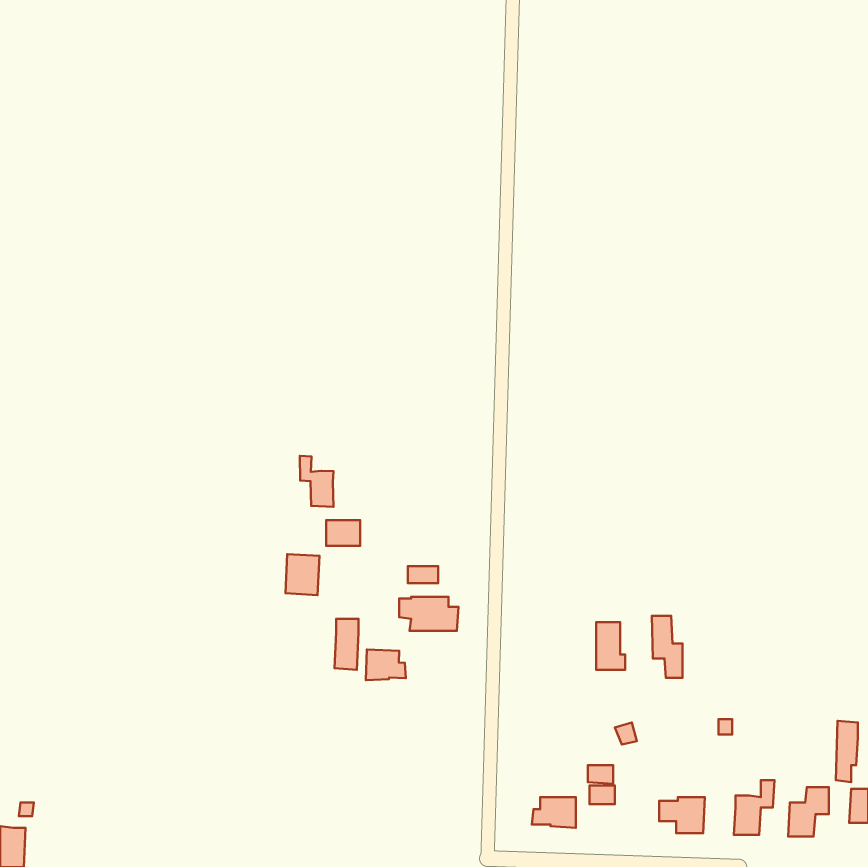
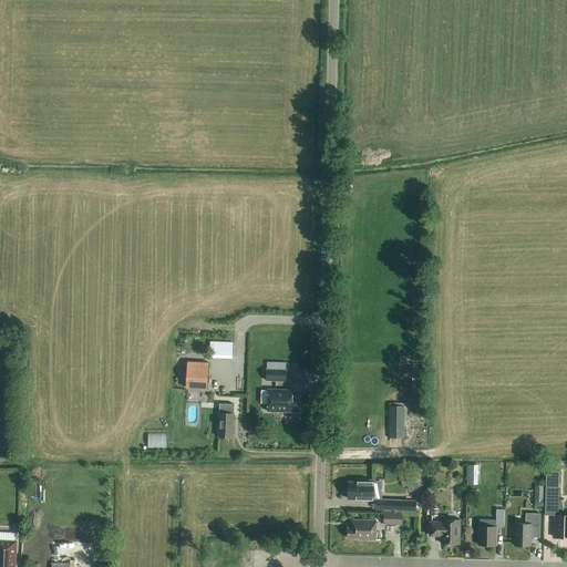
building: [300,456,333,507] -> none
building: [652,616,683,678] -> none
building: [366,650,406,680] -> none
building: none -> [348,480,373,501]

